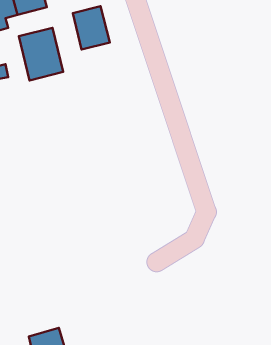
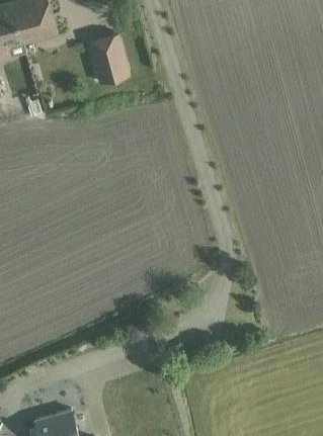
building: [19,28,63,80] -> none

